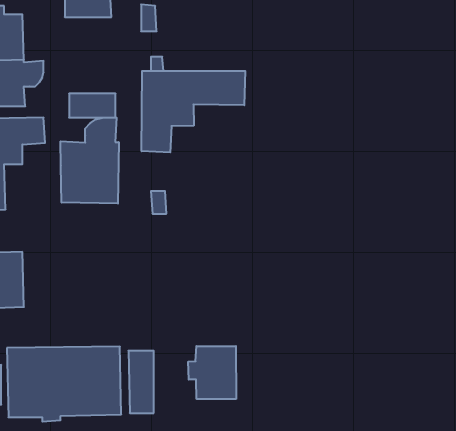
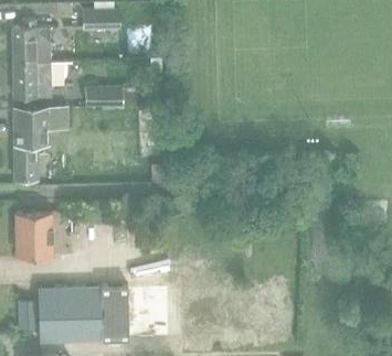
building: [142,71,245,152] -> none
building: [61,118,119,204] -> none
building: [188,346,236,399] -> none

